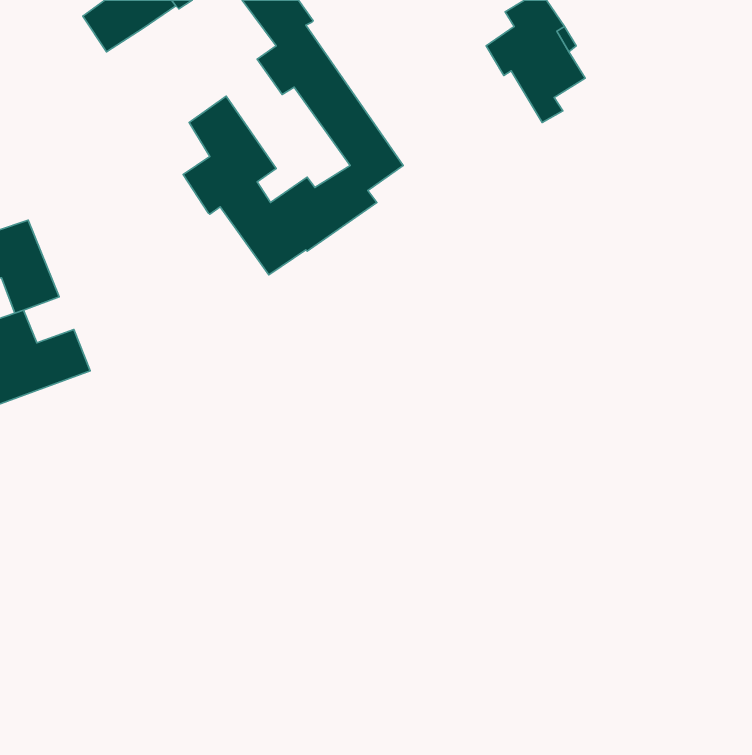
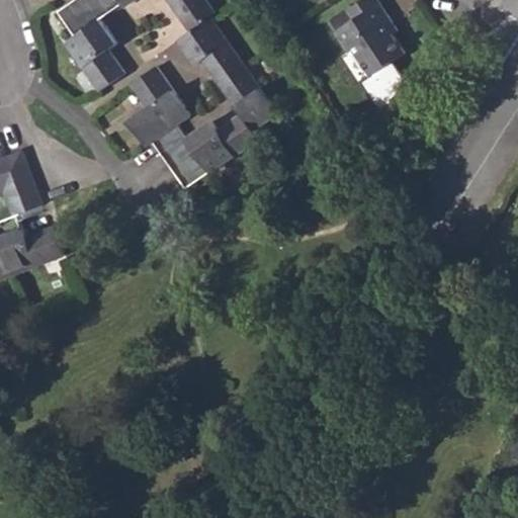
building: none -> [65,19,124,90]

